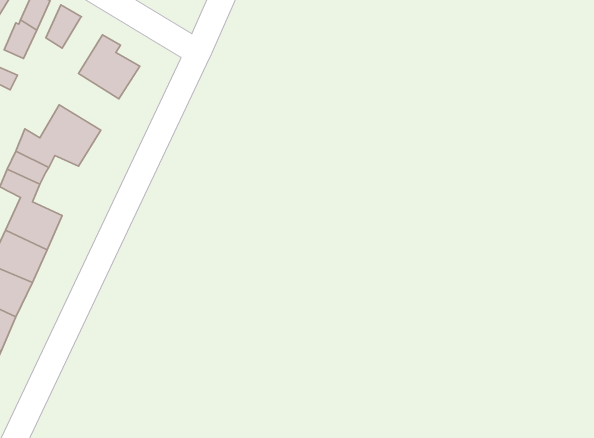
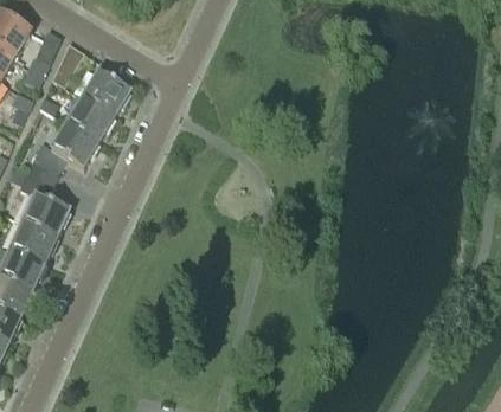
building: none -> [66,96,114,141]

